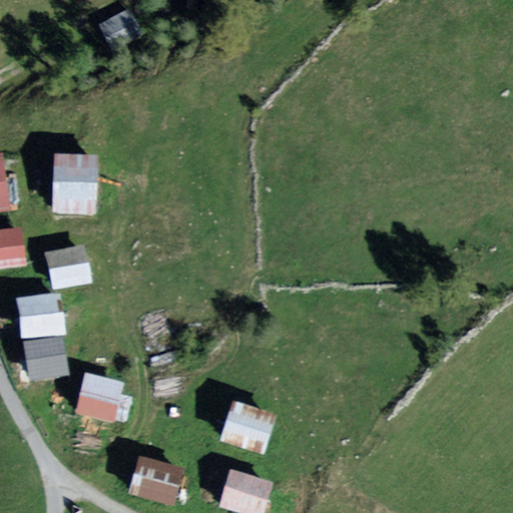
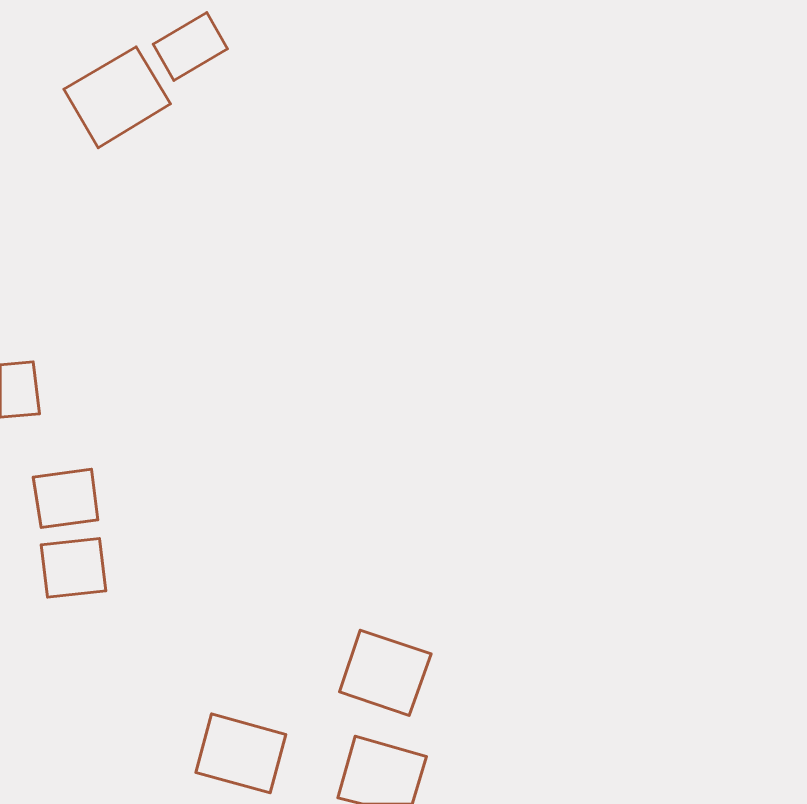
building: none -> [64,47,171,148]
building: [57,156,95,215] -> none
building: [48,248,86,286] -> none
building: [79,380,118,420] -> none

